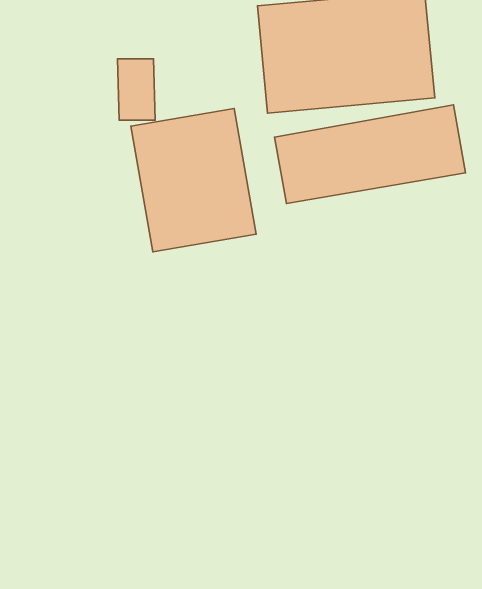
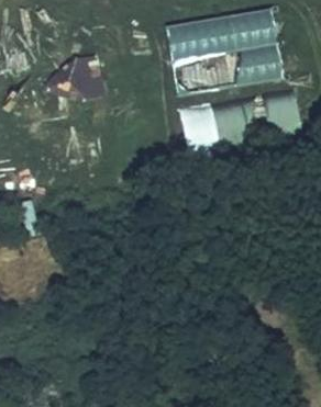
building: [131,108,256,252] -> none

